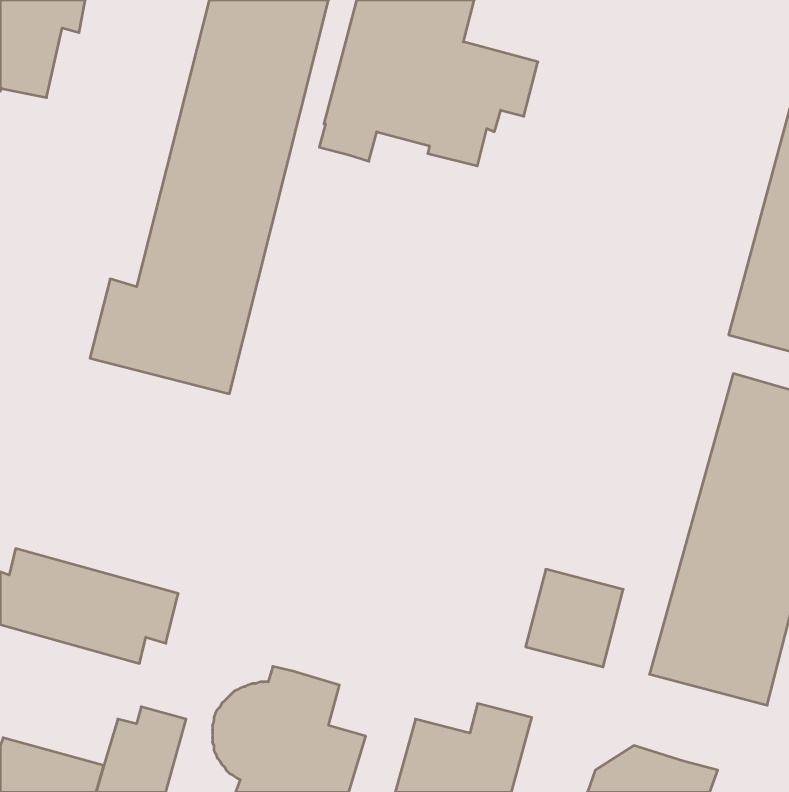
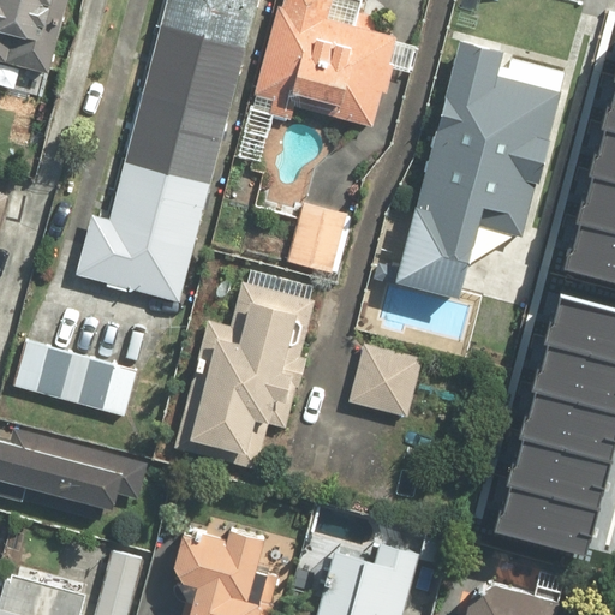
building: none -> [393,46,556,300]
building: none -> [287,202,356,277]
building: none -> [173,282,314,471]
building: none -> [13,338,137,416]
building: [526,569,623,667] -> [347,344,423,419]

